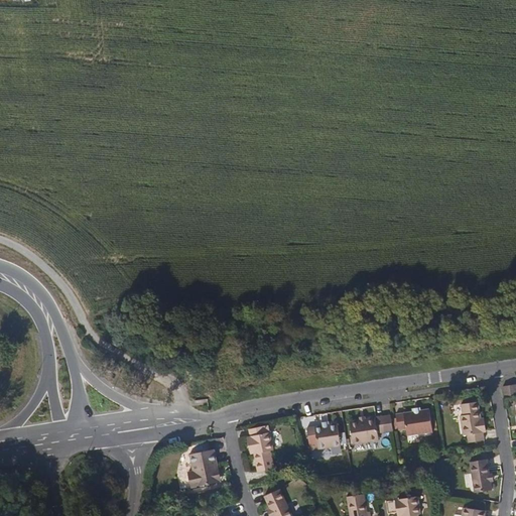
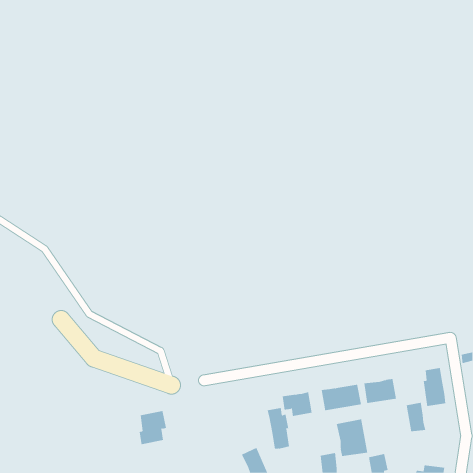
building: [247,426,272,472] -> [267,407,290,449]
building: [187,448,218,486] -> [139,411,167,445]
building: none -> [336,419,368,457]
building: [470,458,492,490] -> [406,402,426,432]

